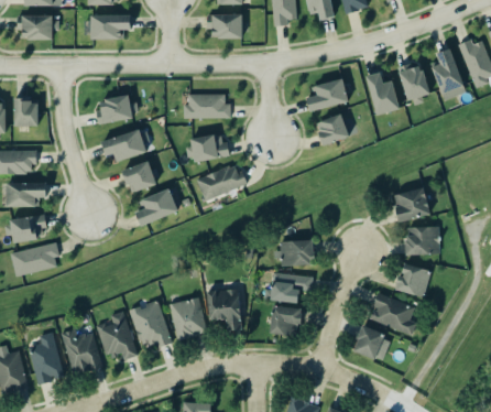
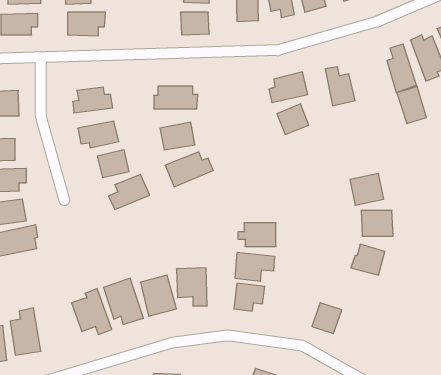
building: [399,64,430,104] -> [397,87,426,124]
building: [368,293,417,336] -> none
building: [62,328,100,373] -> none

